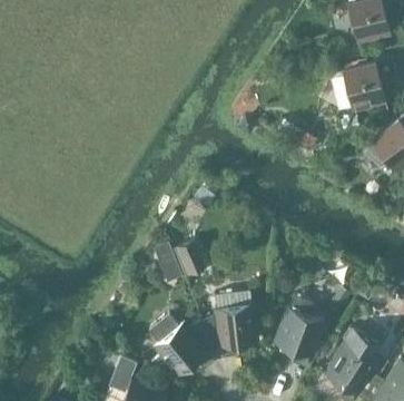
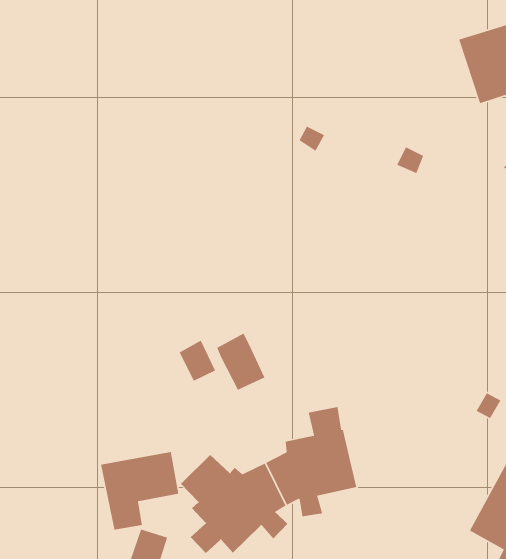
building: [274,295,323,366] -> none
building: none -> [100,451,179,530]

